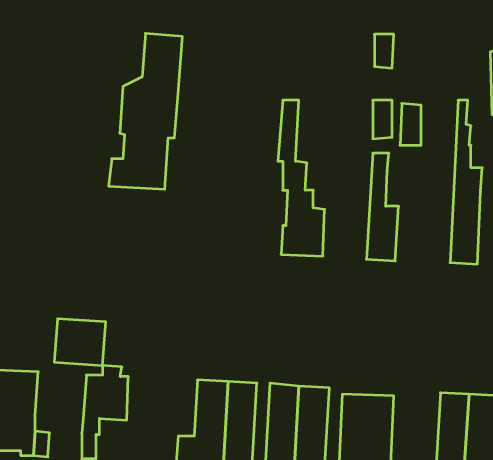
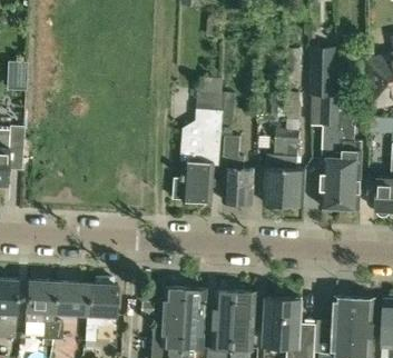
building: [109,33,182,189] -> [174,91,225,199]
building: none -> [314,49,346,206]
building: none -> [263,129,287,203]
building: [54,319,106,365] -> [53,281,89,314]

